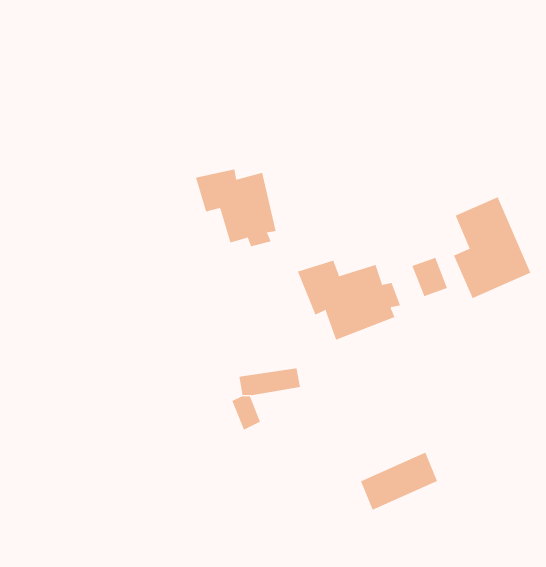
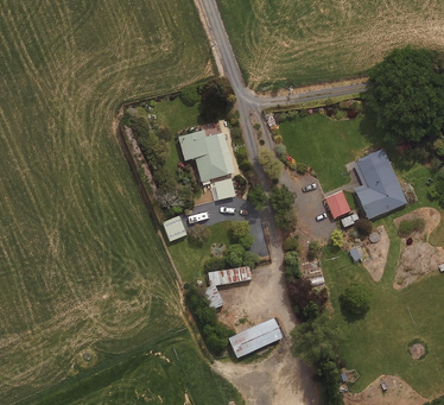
building: [297,260,401,341] -> none
building: [360,452,438,511] -> [228,318,281,359]

